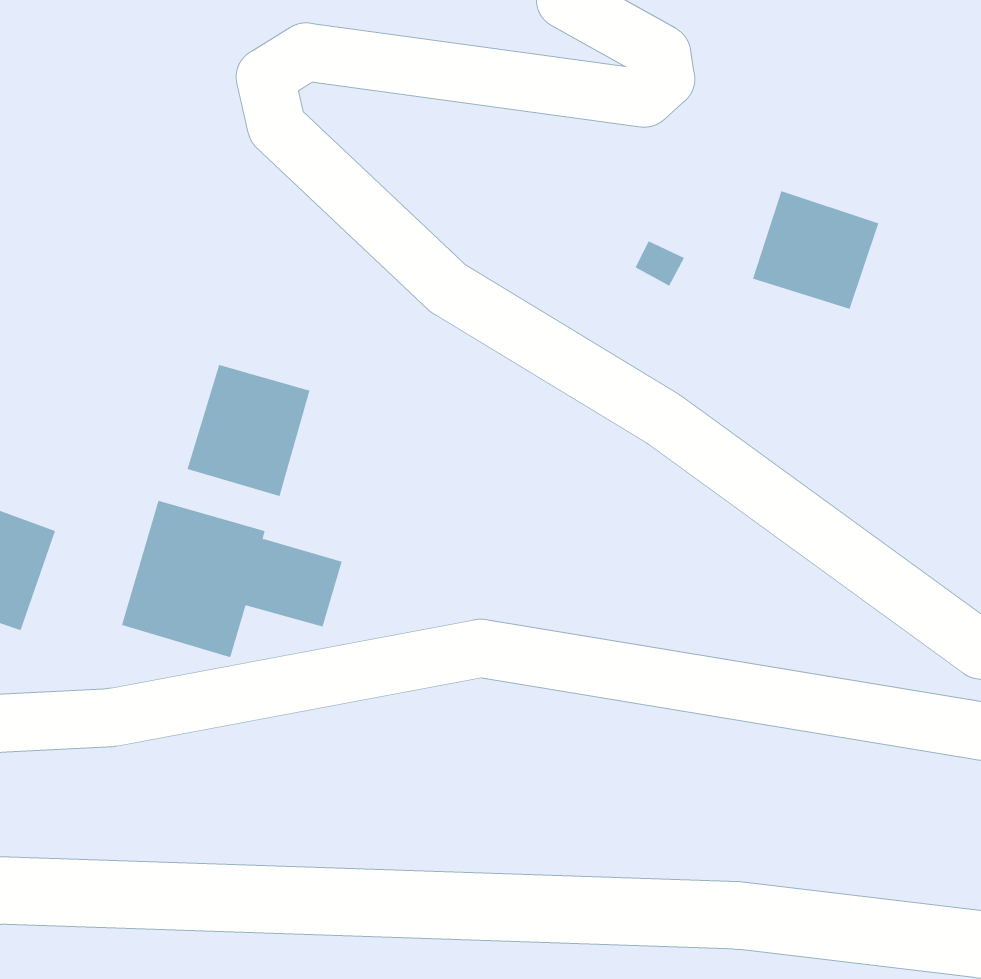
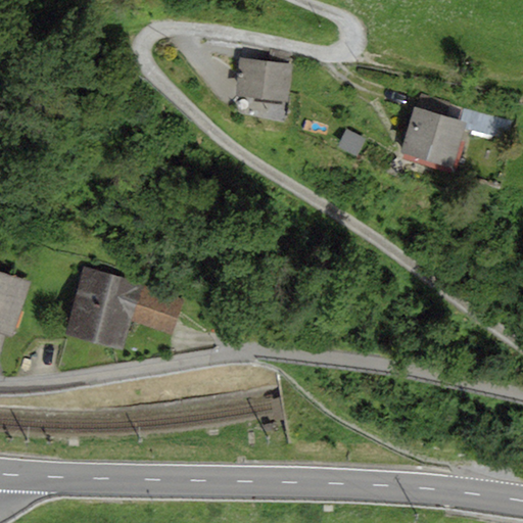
building: none -> [236,51,294,97]
building: [187,364,310,497] -> none

